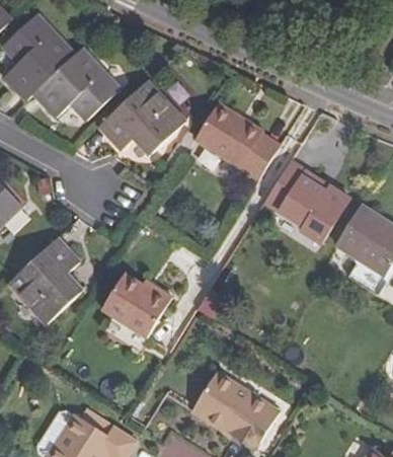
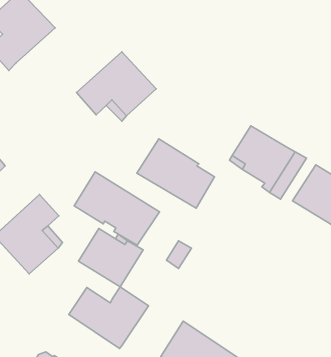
building: [33,49,121,120] -> none
building: [193,102,279,178] -> [137,139,215,208]
building: none -> [74,172,160,245]
building: none -> [69,287,148,349]

